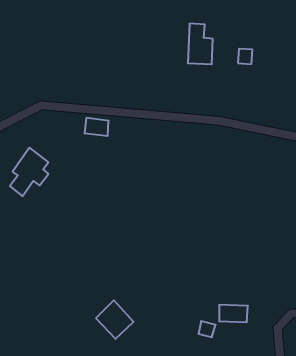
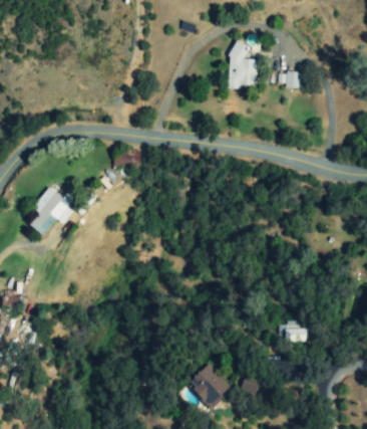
building: none -> [278,320,305,342]
building: [96,300,134,339] -> [188,363,230,406]

